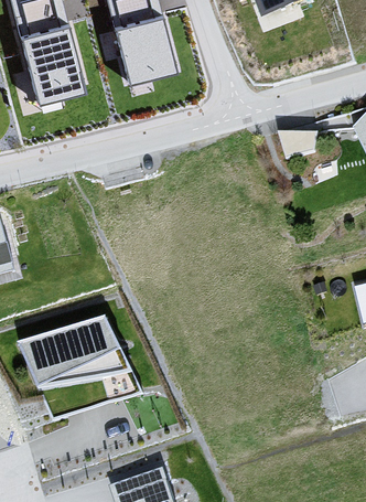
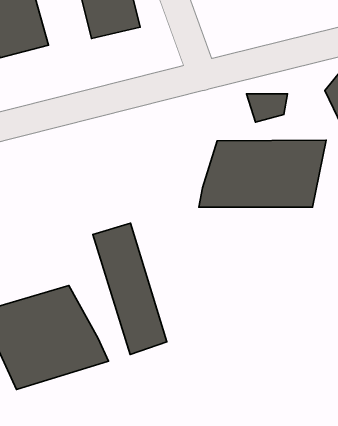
building: none -> [199,140,326,207]
building: none -> [93,223,167,354]

